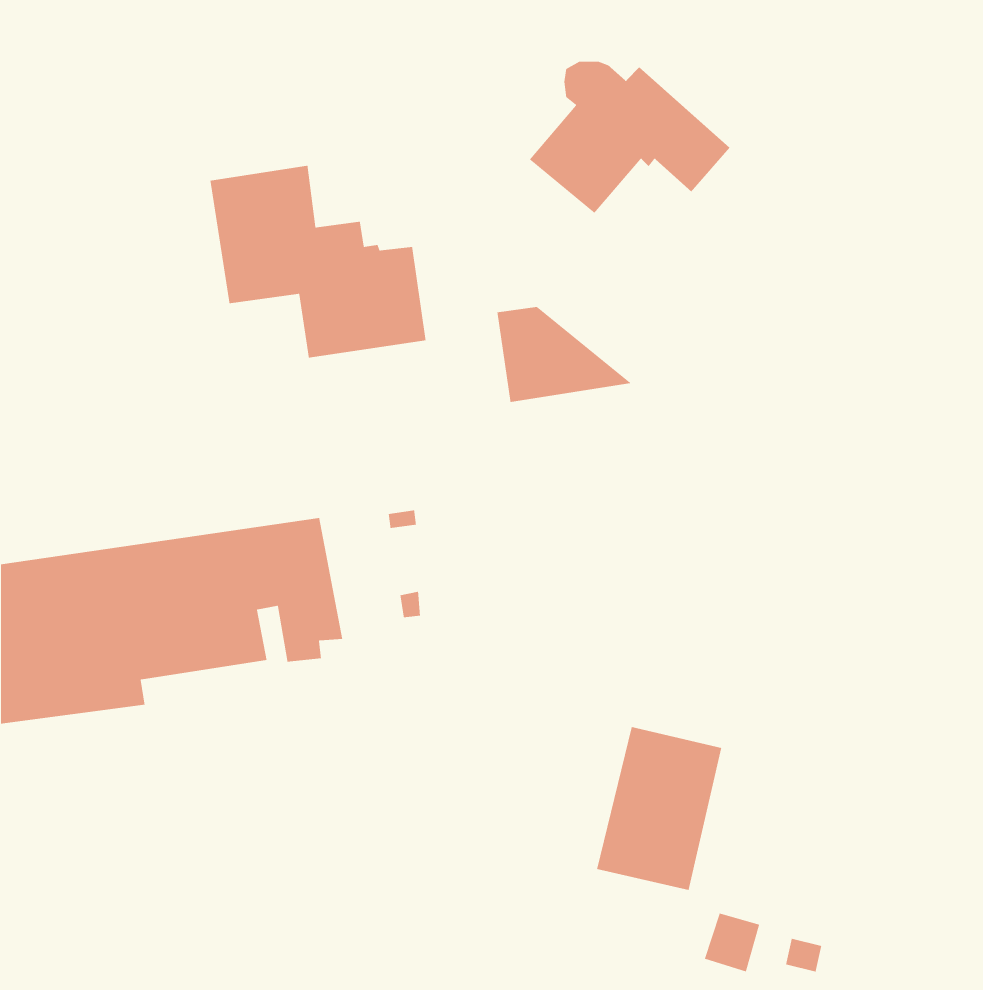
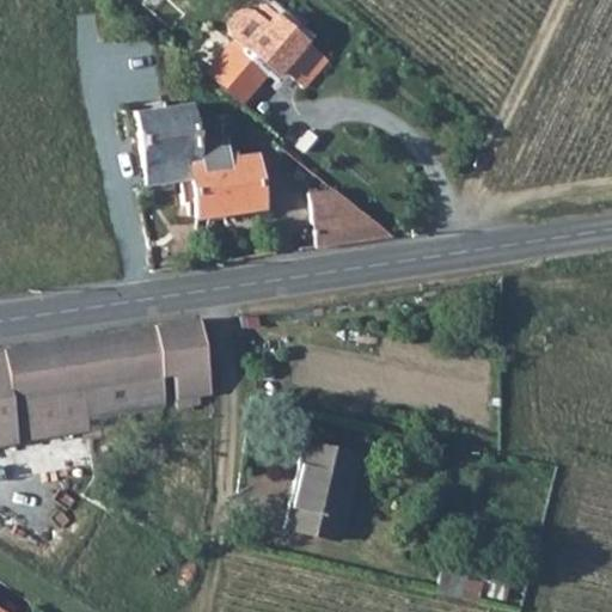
building: [529,61,730,214] -> [208,10,332,104]
building: [596,726,722,891] -> [286,440,363,541]

